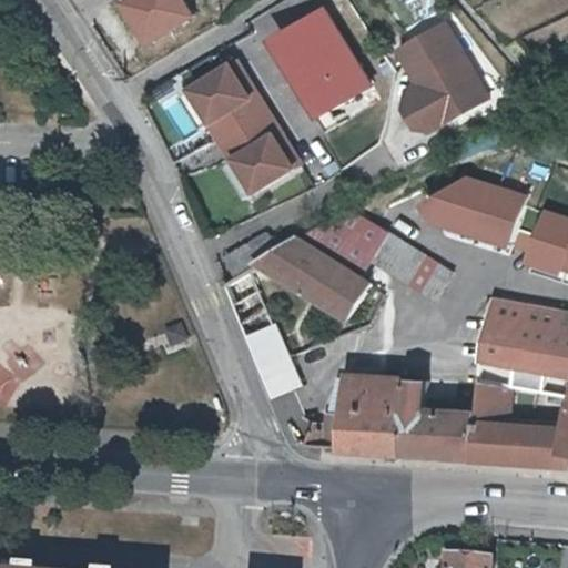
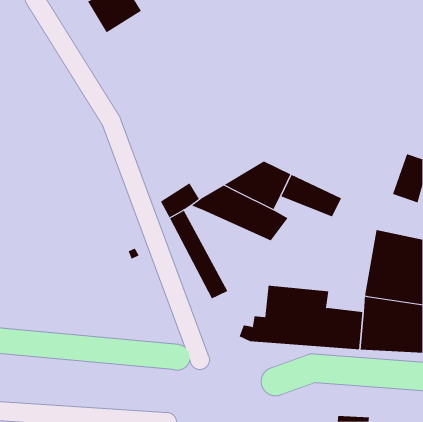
building: [252,4,369,118] -> none
building: [392,18,490,131] -> none
building: [181,59,301,194] -> none
building: [418,173,526,241] -> none

